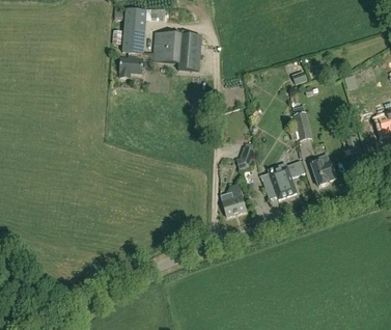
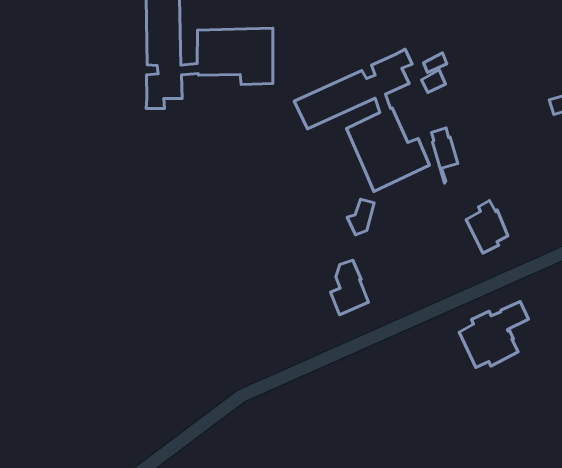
building: none -> [294,49,429,191]
building: [261,160,305,198] -> [459,302,528,368]

